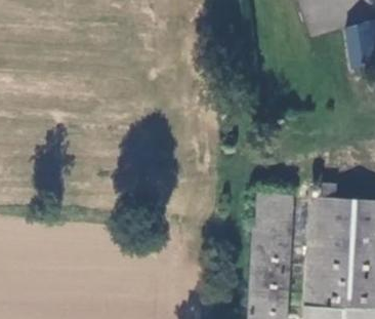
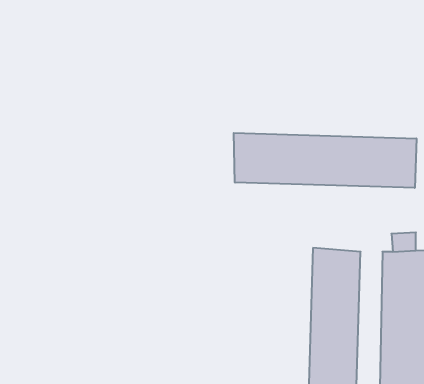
building: none -> [234,133,416,188]

